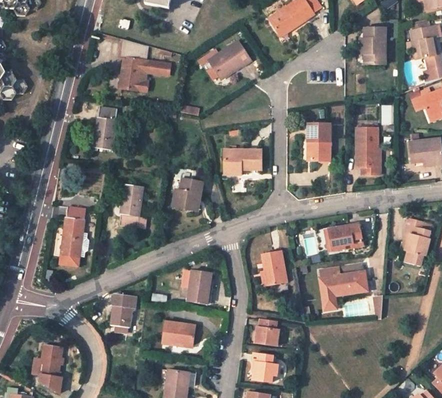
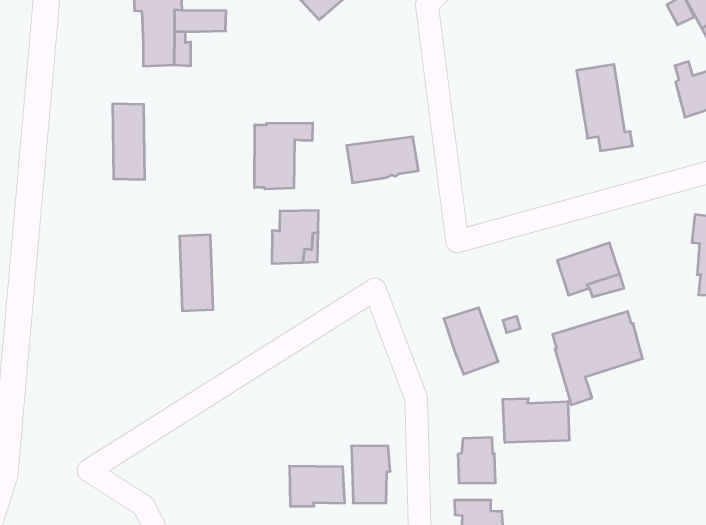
building: [308,124,330,160] -> none
building: none -> [254,123,313,189]
building: [60,207,86,267] -> none
building: [187,270,211,304] -> [351,446,390,503]
building: [112,295,137,327] -> none
building: none -> [503,398,569,443]

